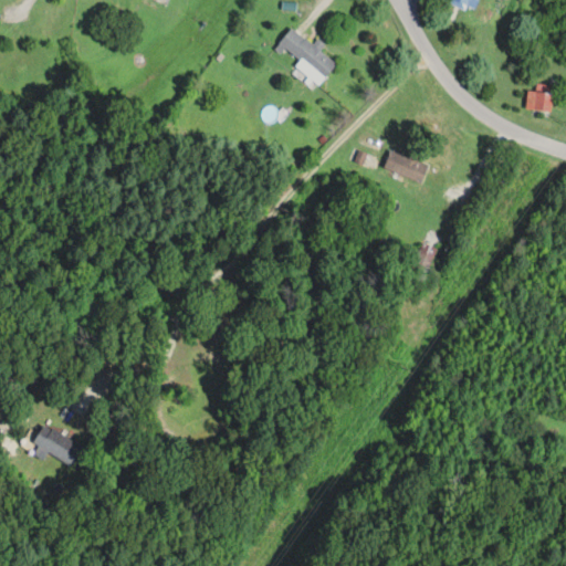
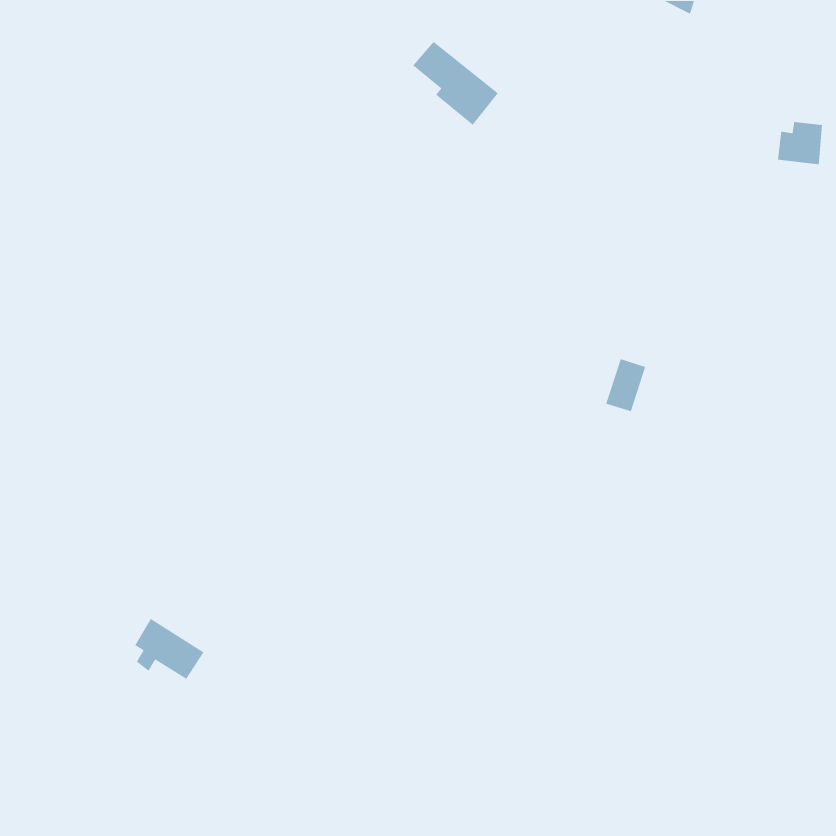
building: [385,149,429,182] -> none
building: [33,423,81,465] -> [134,618,205,680]

